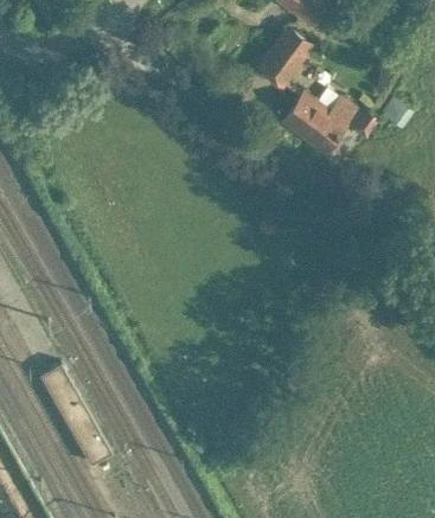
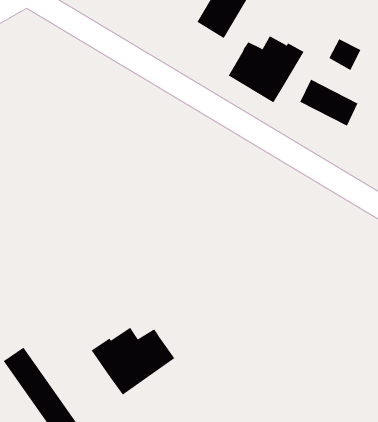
building: none -> [300,79,358,126]
building: none -> [91,327,175,396]

